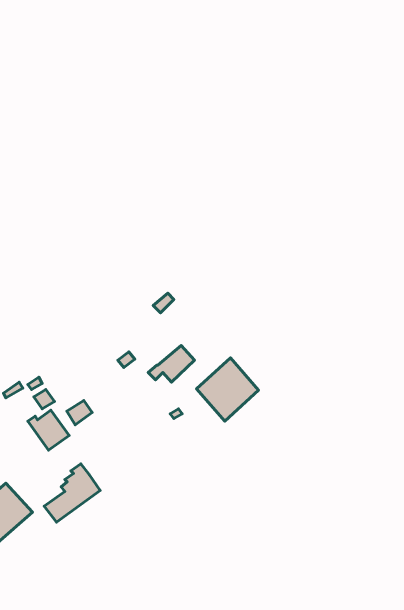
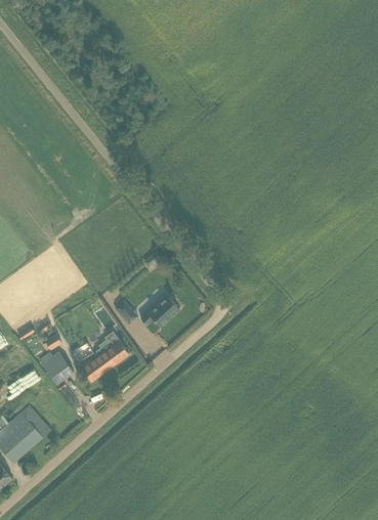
building: [197,358,259,421] -> none
building: [44,464,100,522] -> [81,332,128,381]

